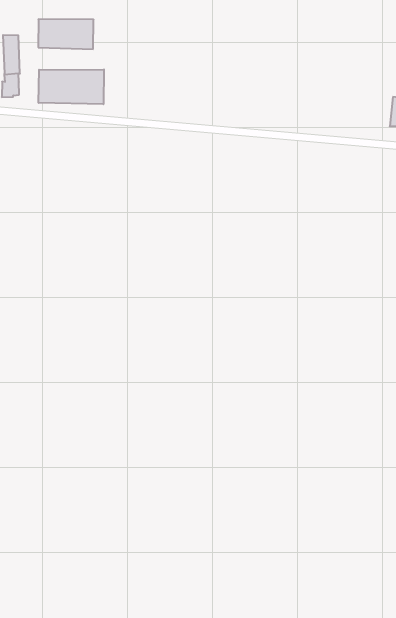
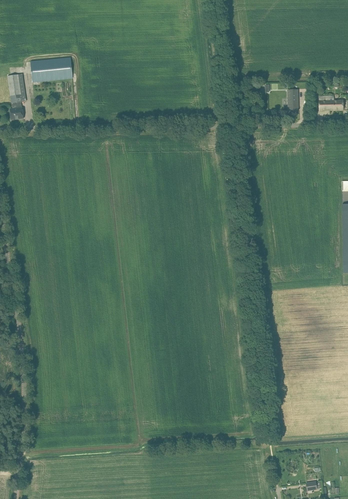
building: [39,69,104,104] -> none

